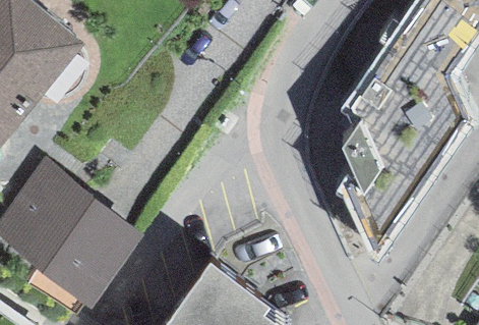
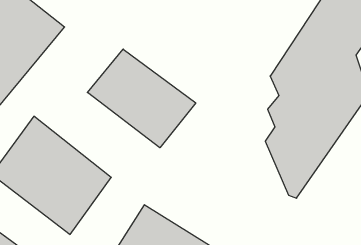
building: none -> [87,49,196,148]

